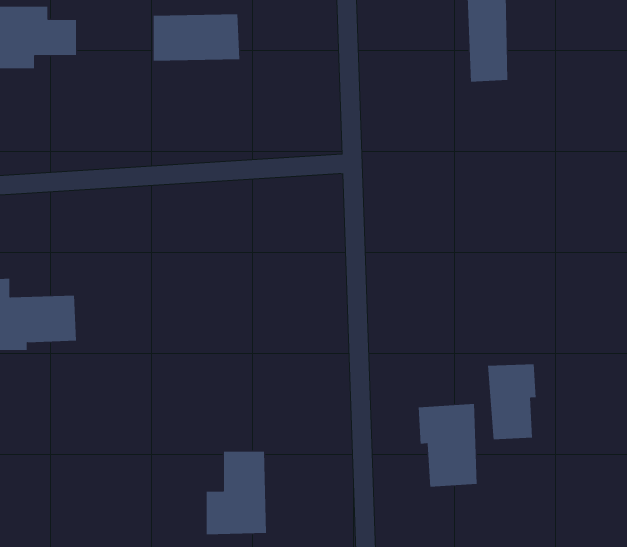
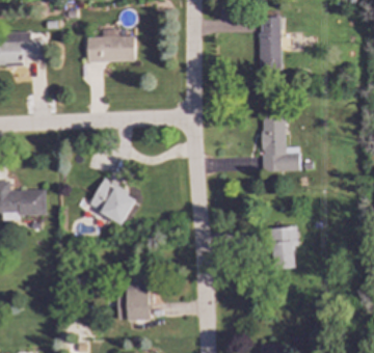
building: none -> [261,115,299,172]
building: none -> [88,179,137,225]
building: [418,403,477,488] -> none

